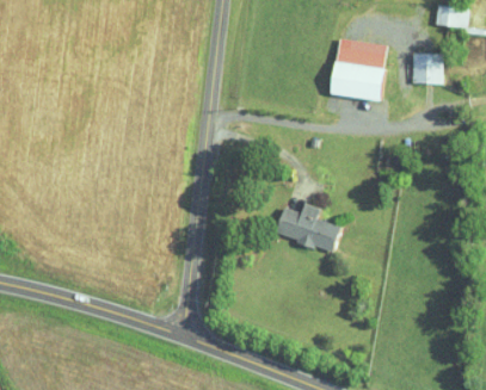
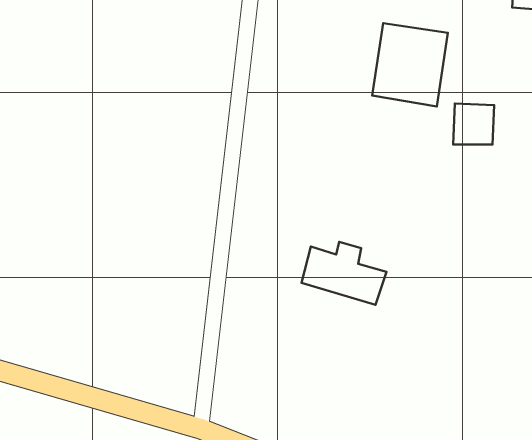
building: [413,52,444,83] -> [453,104,494,145]

